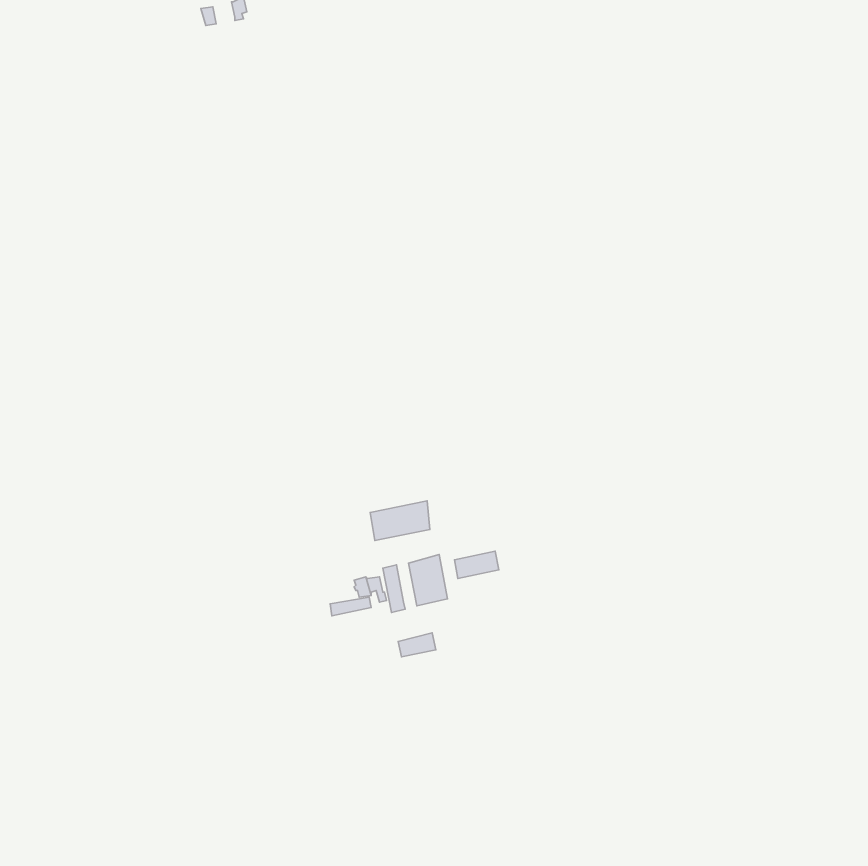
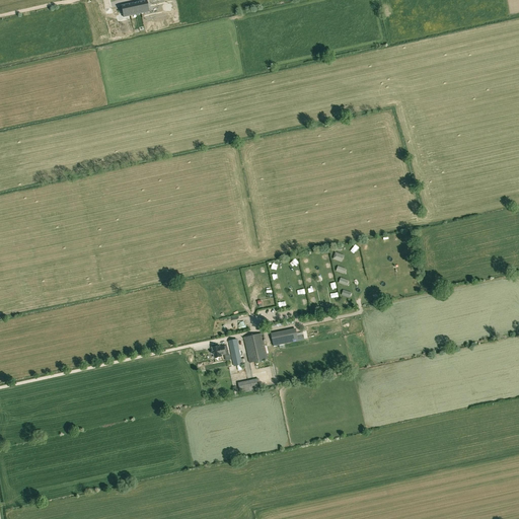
building: [370,501,430,540] -> none

